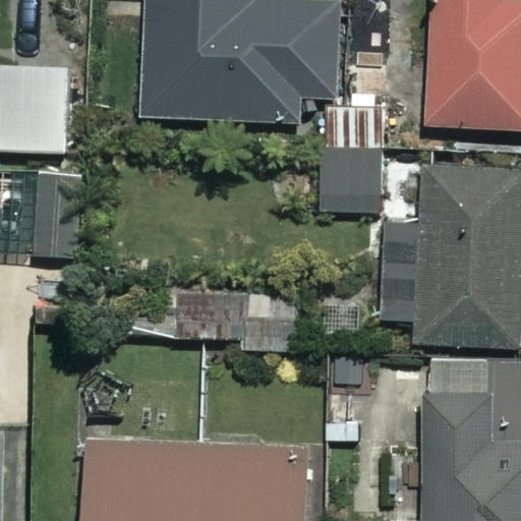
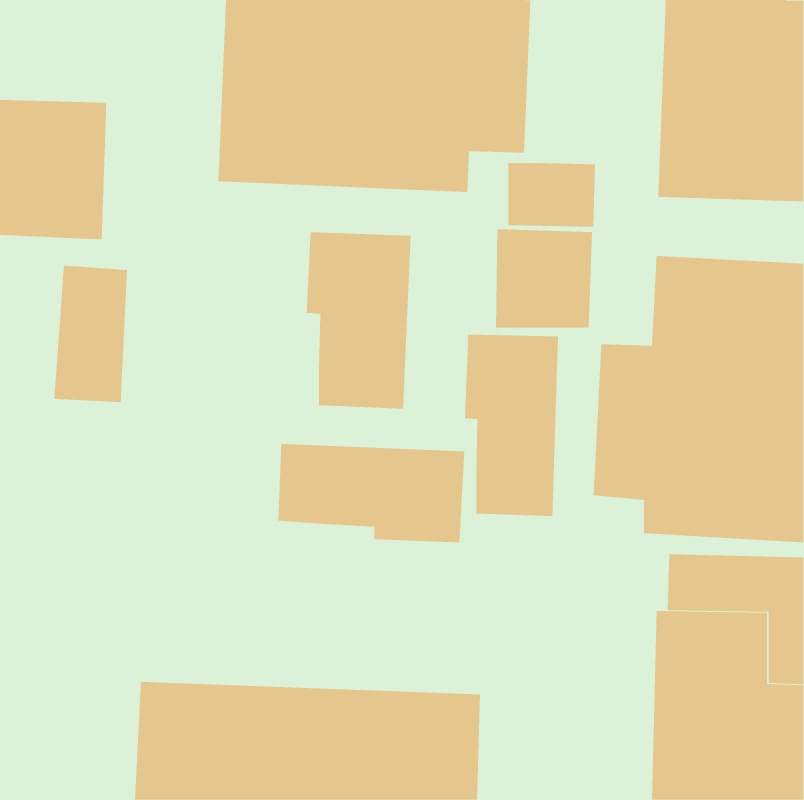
building: none -> [306,232,411,410]
building: none -> [464,334,559,517]

